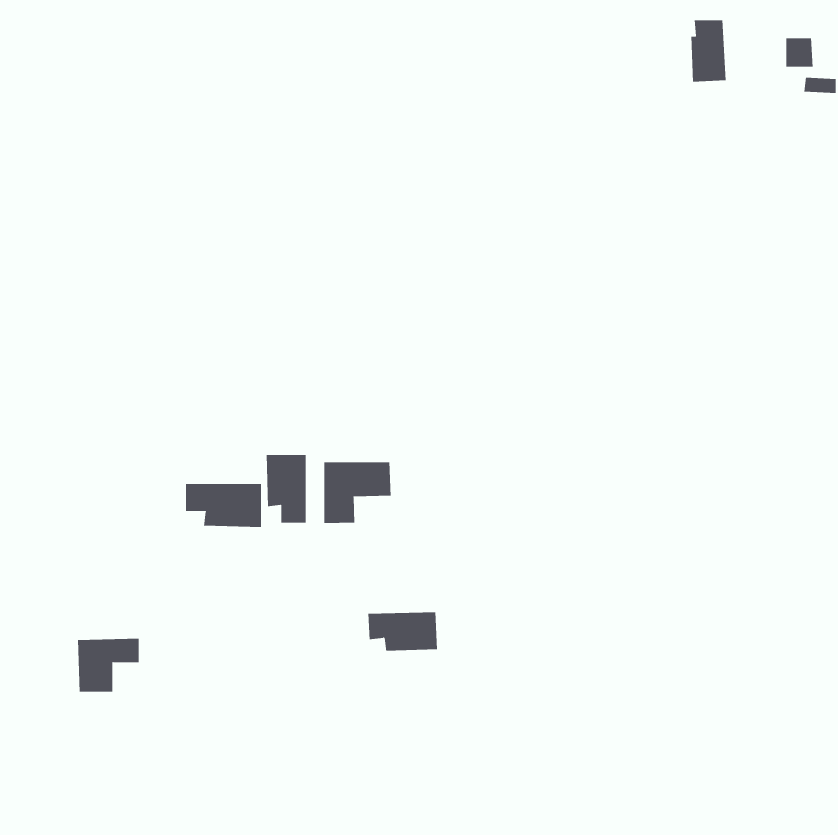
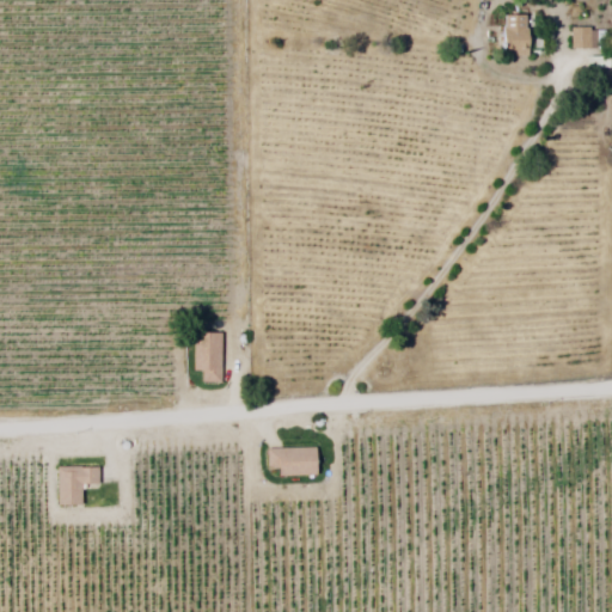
building: [324,462,391,524] -> none
building: [185,483,261,528] -> none

